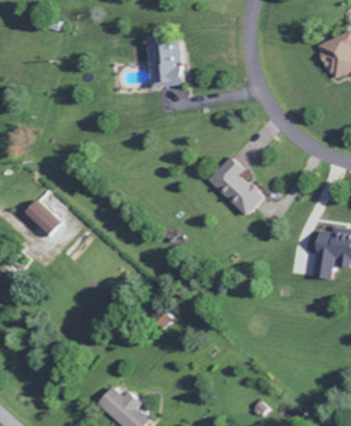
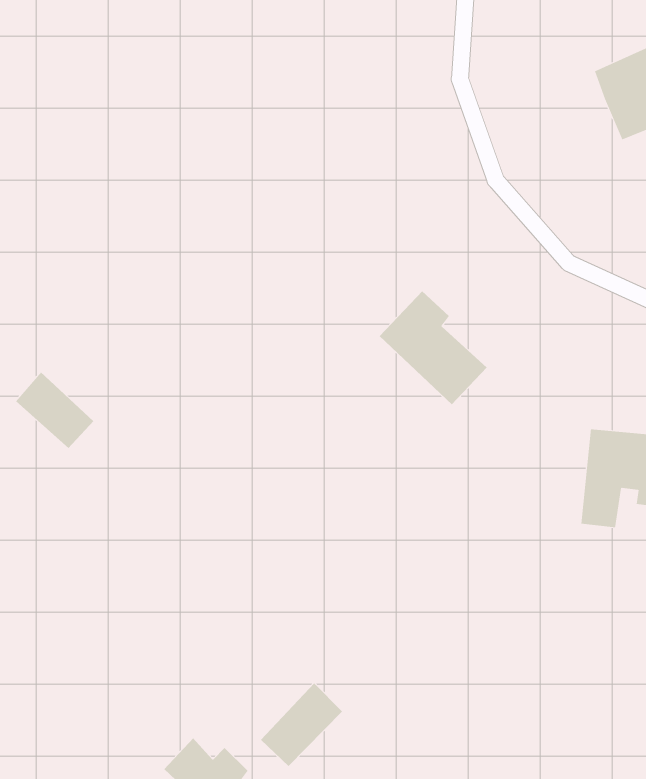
building: [149,38,182,87] -> none
building: none -> [260,683,343,767]

